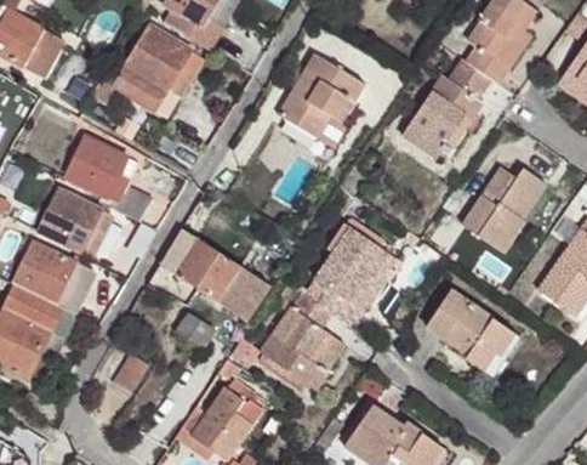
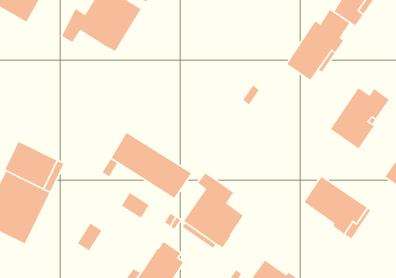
building: [277,53,364,154] -> none
building: [63,135,152,220] -> none
building: [36,187,112,257] -> none
building: [304,227,394,323] -> none

